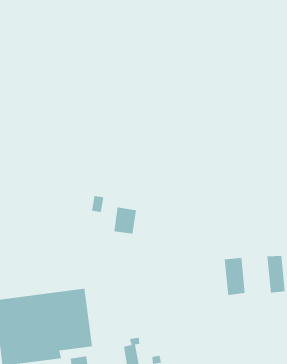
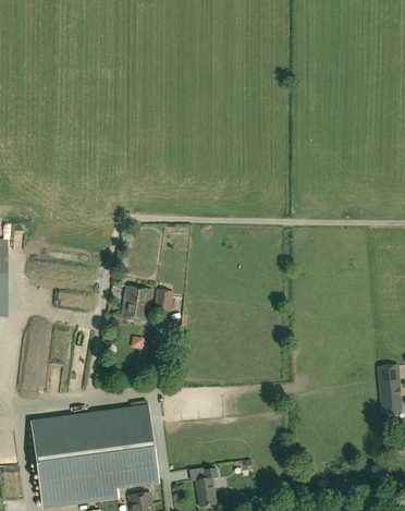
building: [114,207,137,234] -> [122,287,151,321]
building: [224,257,245,296] -> none

